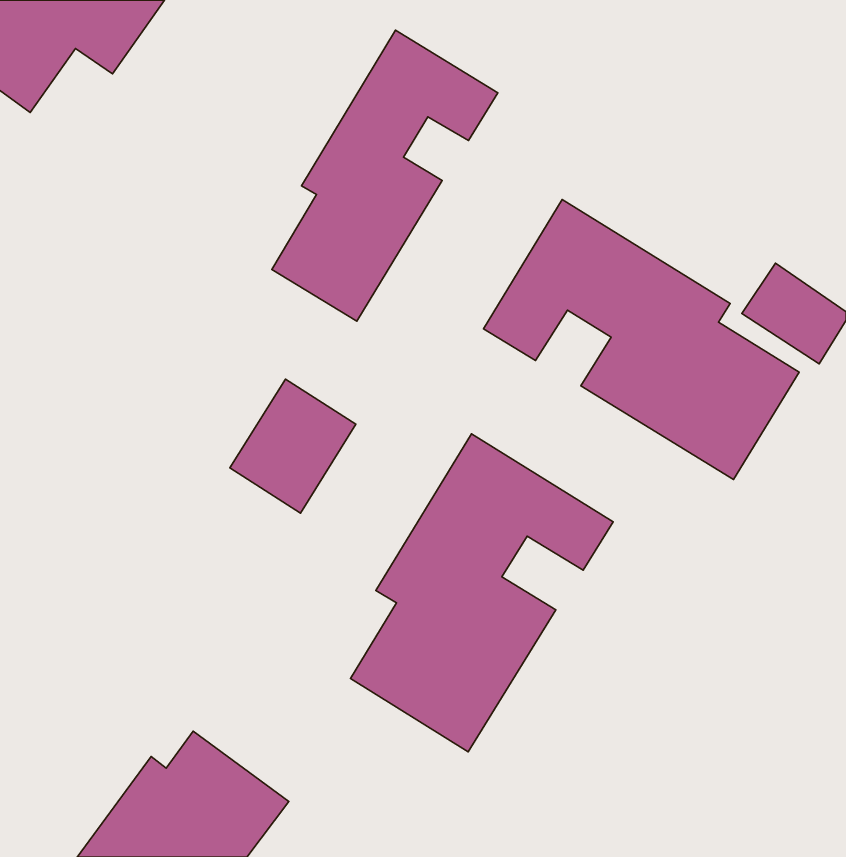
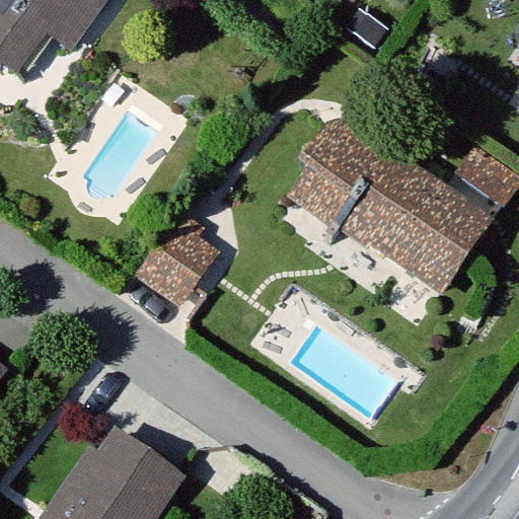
building: [272,30,498,321] -> none
building: [351,434,613,752] -> none

